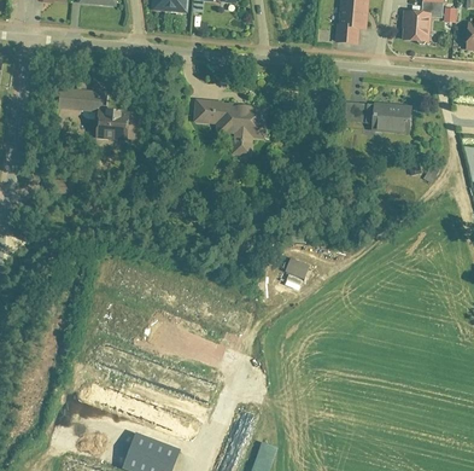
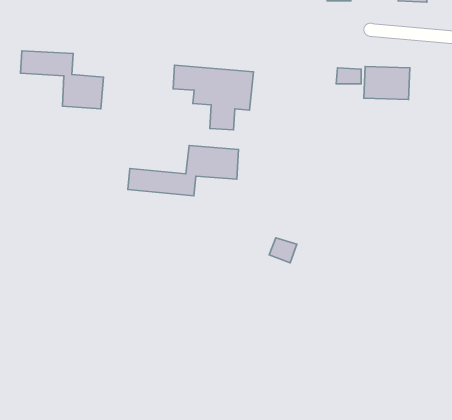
building: none -> [128,146,239,196]

